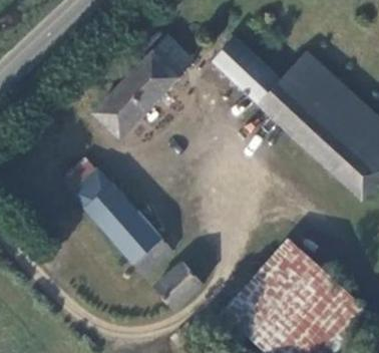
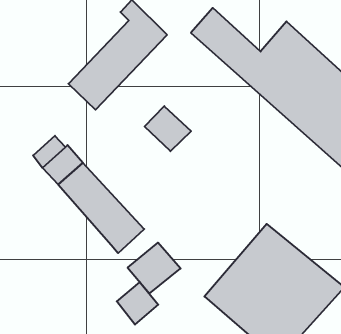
building: none -> [145,106,191,151]
building: none -> [117,282,158,325]

